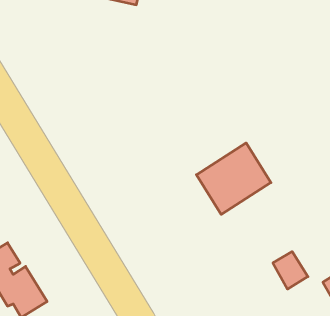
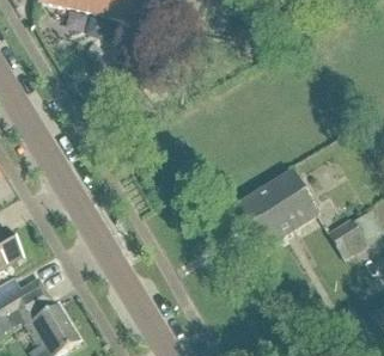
building: [273,252,308,289] -> [329,220,366,259]

